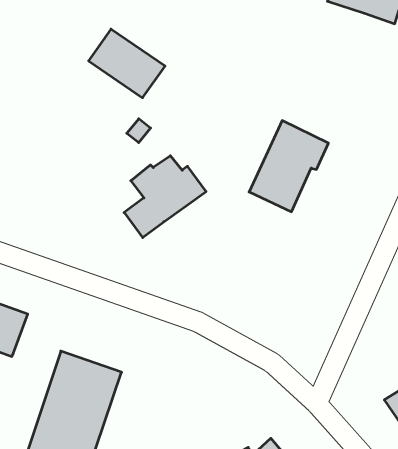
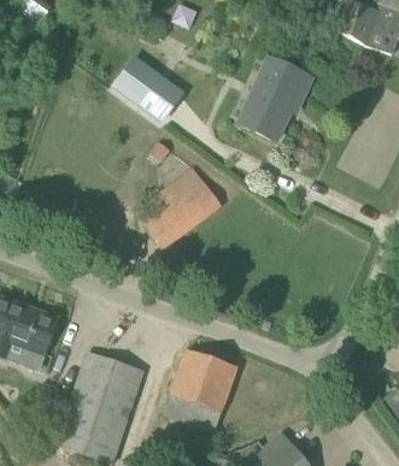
building: [249,121,328,212] -> [239,58,311,141]
building: none -> [165,349,237,431]

